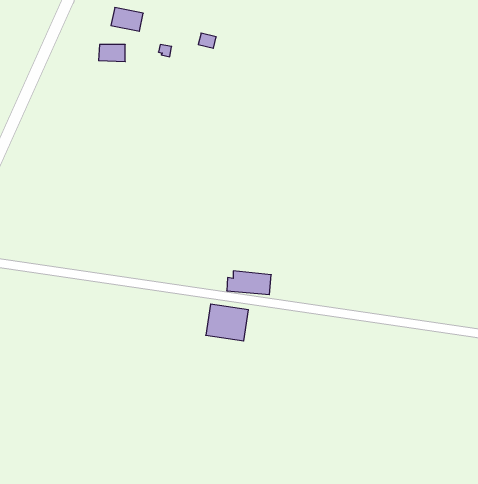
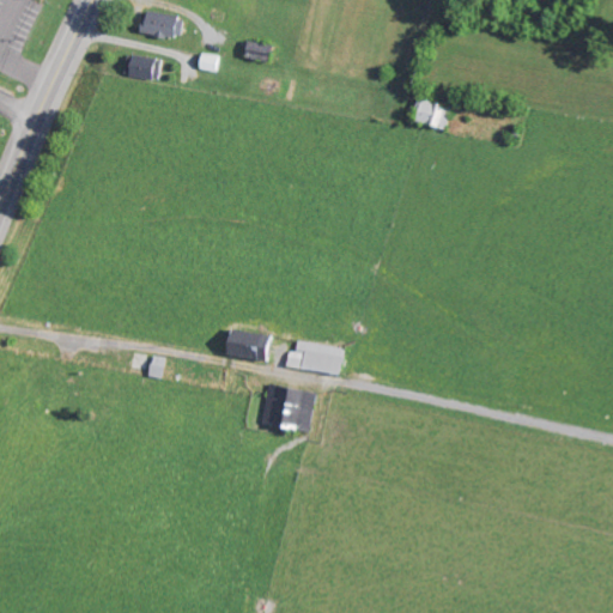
building: none -> [413,99,448,129]
building: none -> [226,332,273,359]

